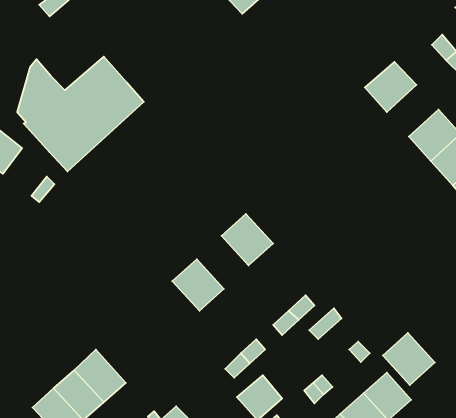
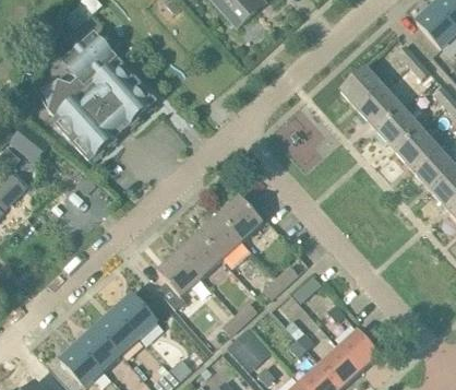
building: none -> [62,34,120,91]
building: none -> [359,86,403,130]
building: none -> [199,214,242,259]
building: none -> [157,252,201,308]
building: none -> [113,294,157,339]
building: [383,333,435,385] -> none

